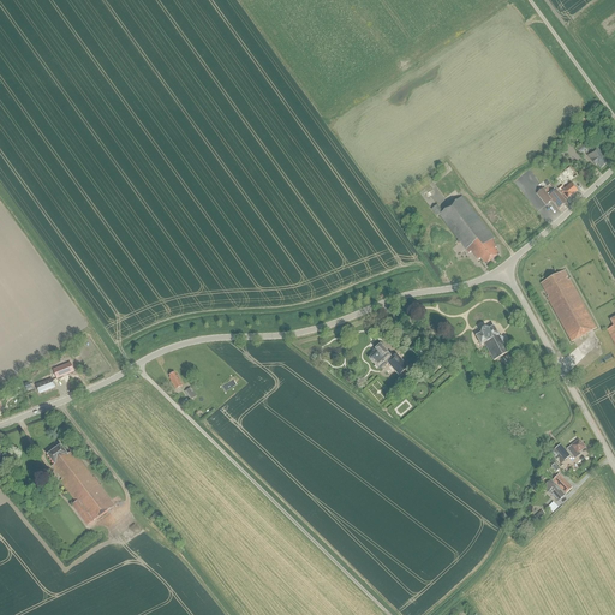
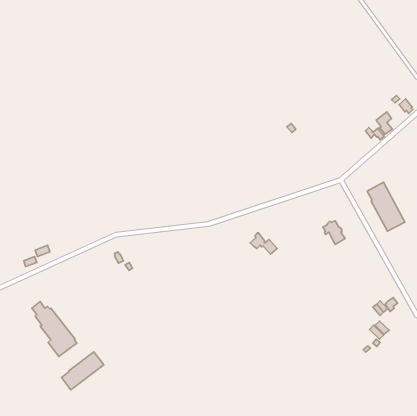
building: [430,195,500,263] -> none
building: none -> [61,352,104,390]

